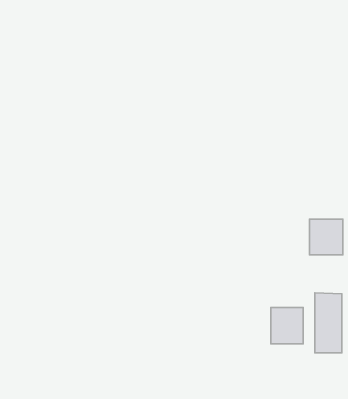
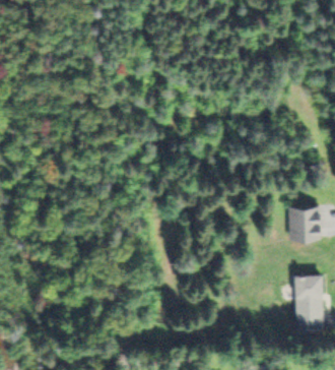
building: [271,307,303,344] -> none

